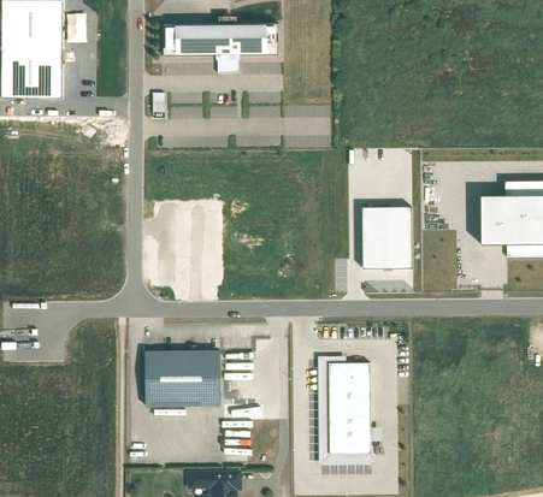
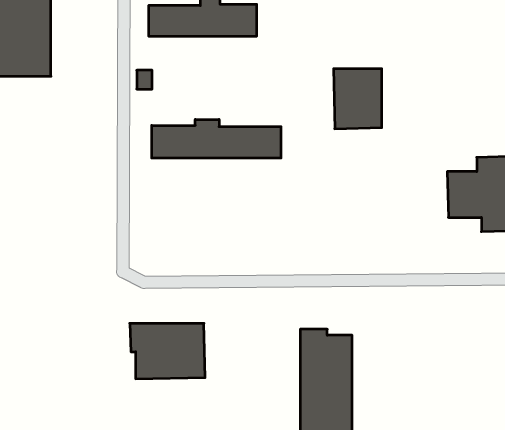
building: none -> [152,119,281,158]
building: [362,206,412,267] -> [334,69,382,129]

